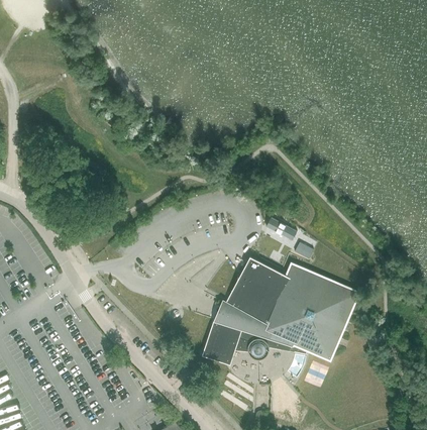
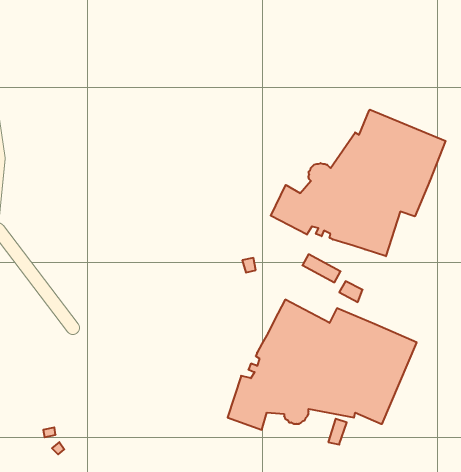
building: none -> [271,110,446,256]

